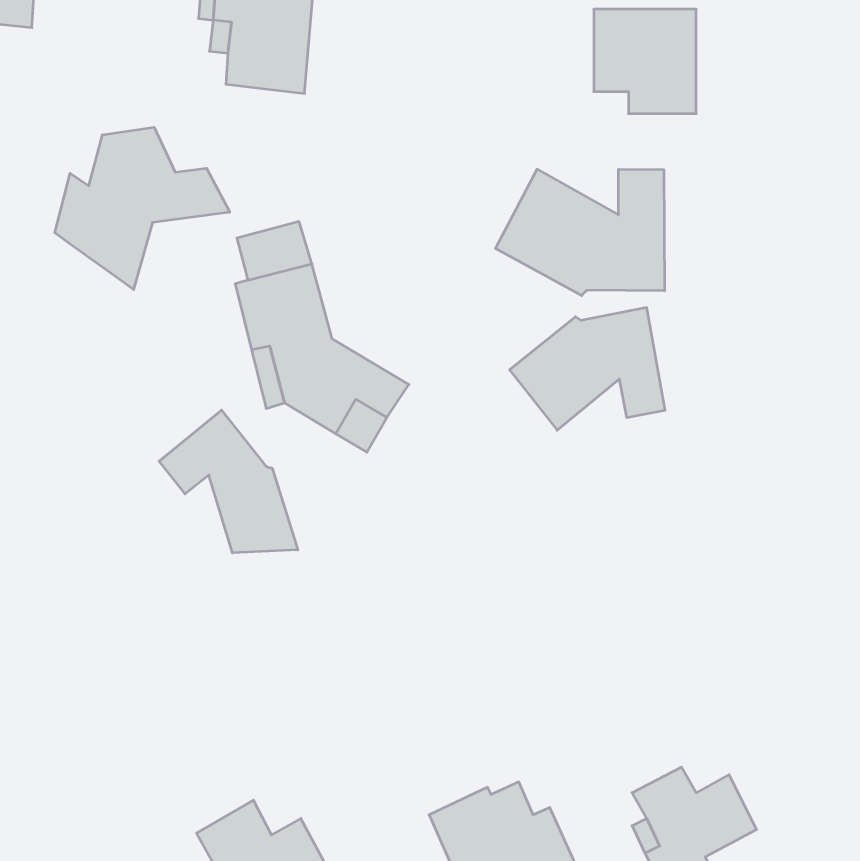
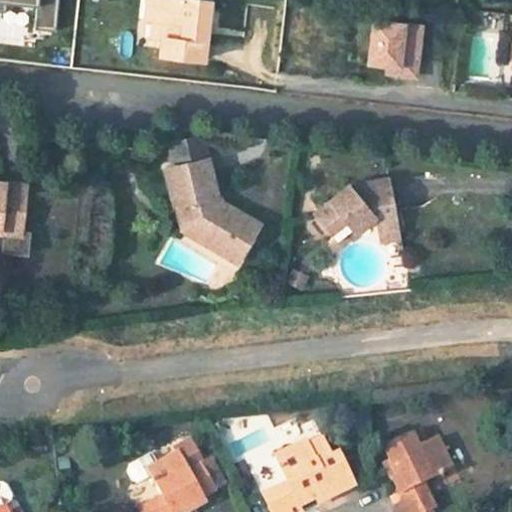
building: [55,127,230,290] -> none
building: [496,169,664,296] -> none
building: [159,410,298,553] -> none

